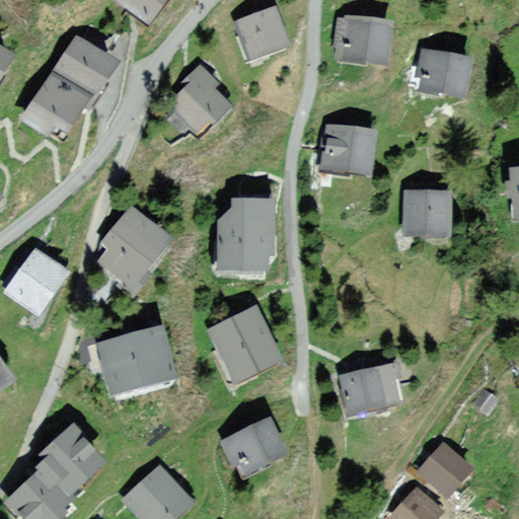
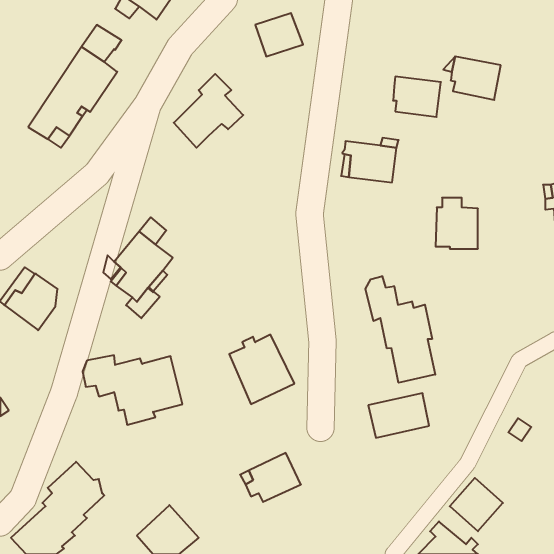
building: [344,22,388,60] -> [393,77,441,117]
building: [223,205,272,265] -> none
building: none -> [365,276,435,383]

